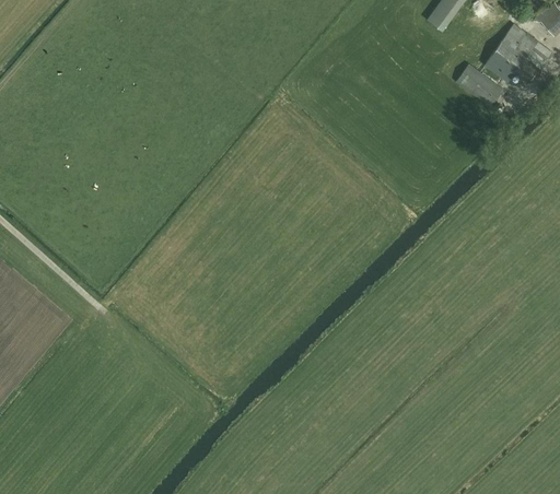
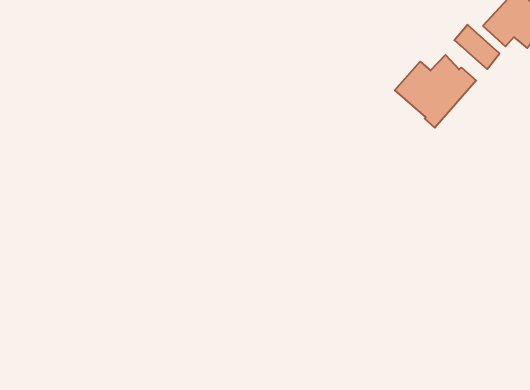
building: none -> [395,55,476,128]

